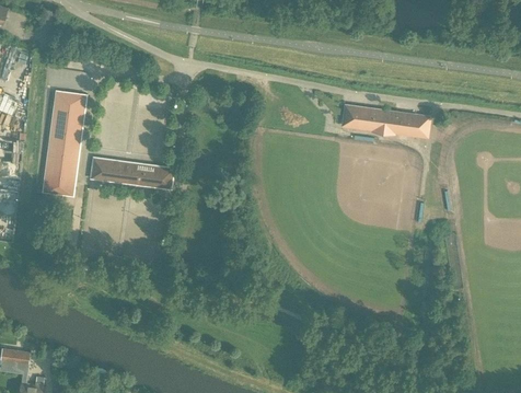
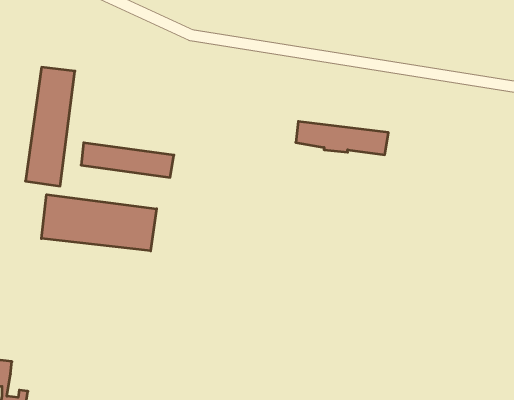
building: [346,106,428,136] -> [296,121,388,155]
building: none -> [41,195,157,251]

